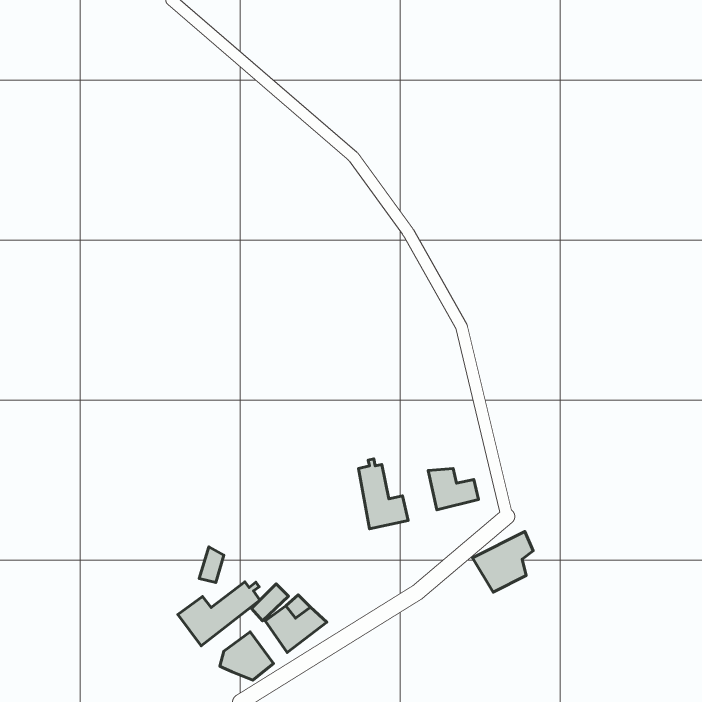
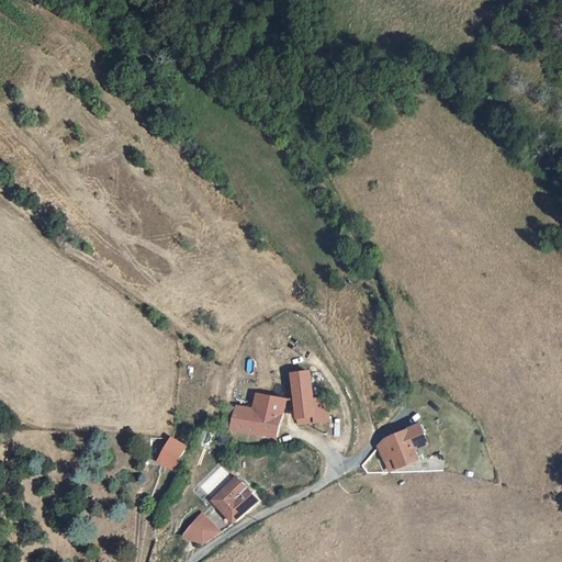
building: [428,469,479,510] -> none
building: none -> [228,394,283,437]
building: [178,582,260,646] -> none

